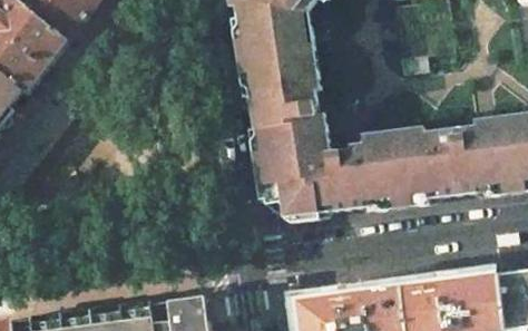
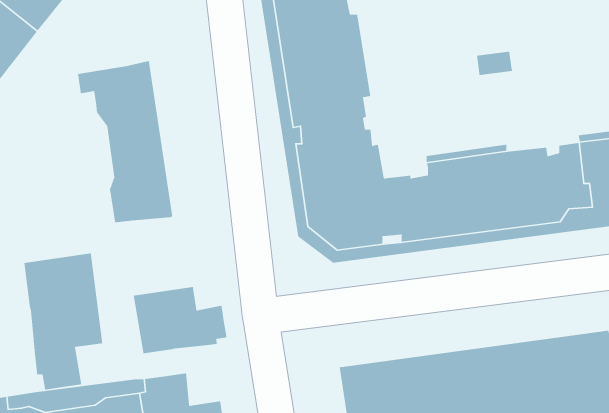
building: none -> [77,60,173,223]
building: none -> [24,252,103,390]
building: none -> [133,286,227,354]

